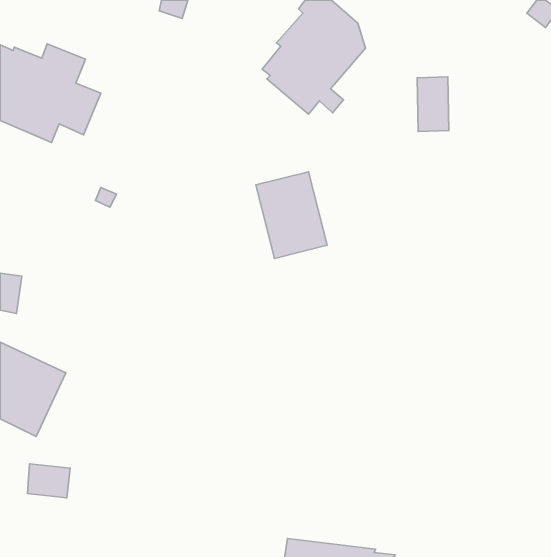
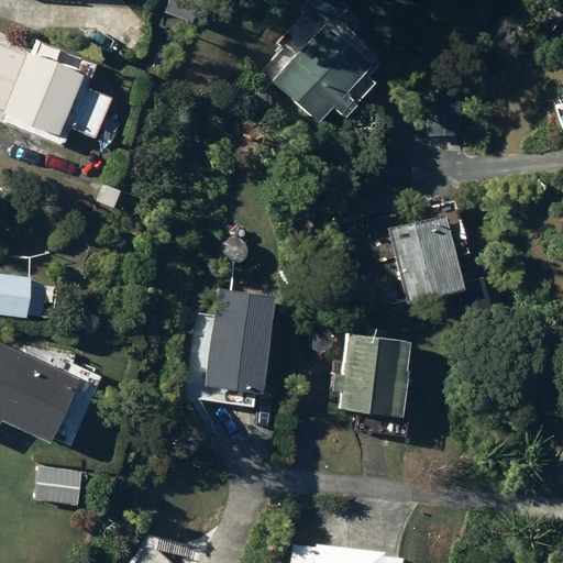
building: [256,172,327,258] -> [390,216,462,302]
building: none -> [203,287,273,407]
building: none -> [334,333,407,416]

